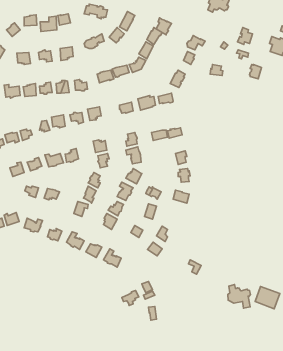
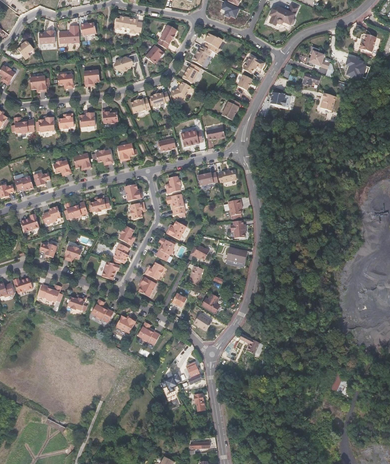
building: [228,284,250,308] -> none

